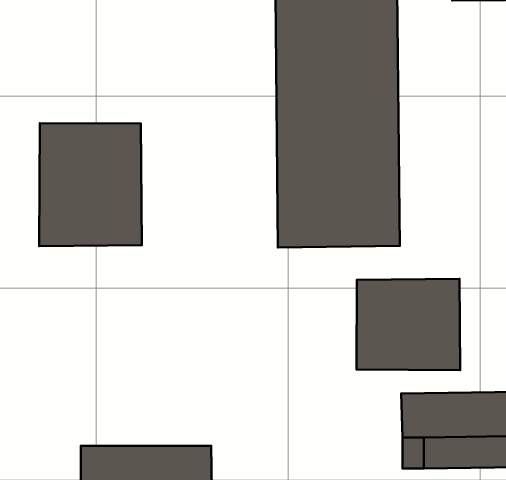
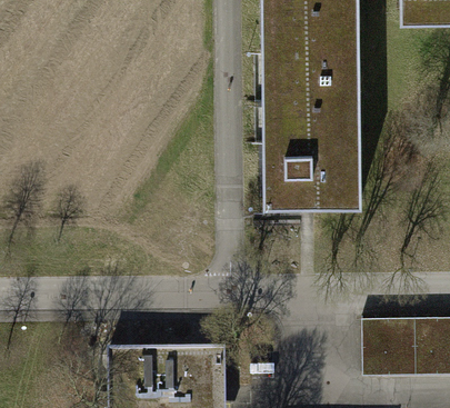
building: [39,123,142,246] -> none
building: [356,279,460,370] -> none

